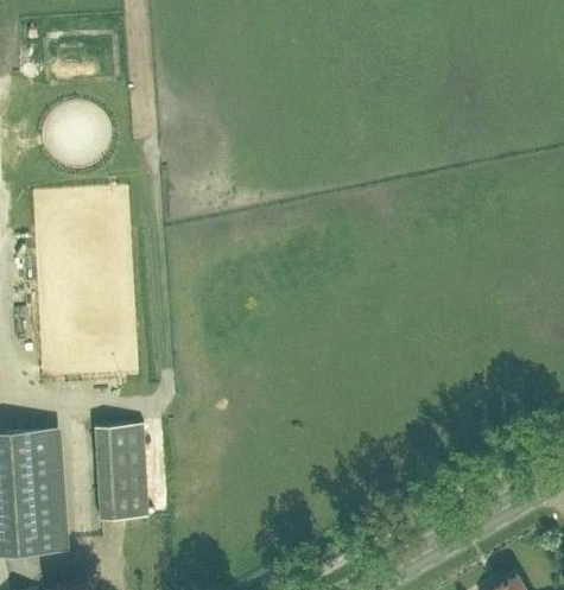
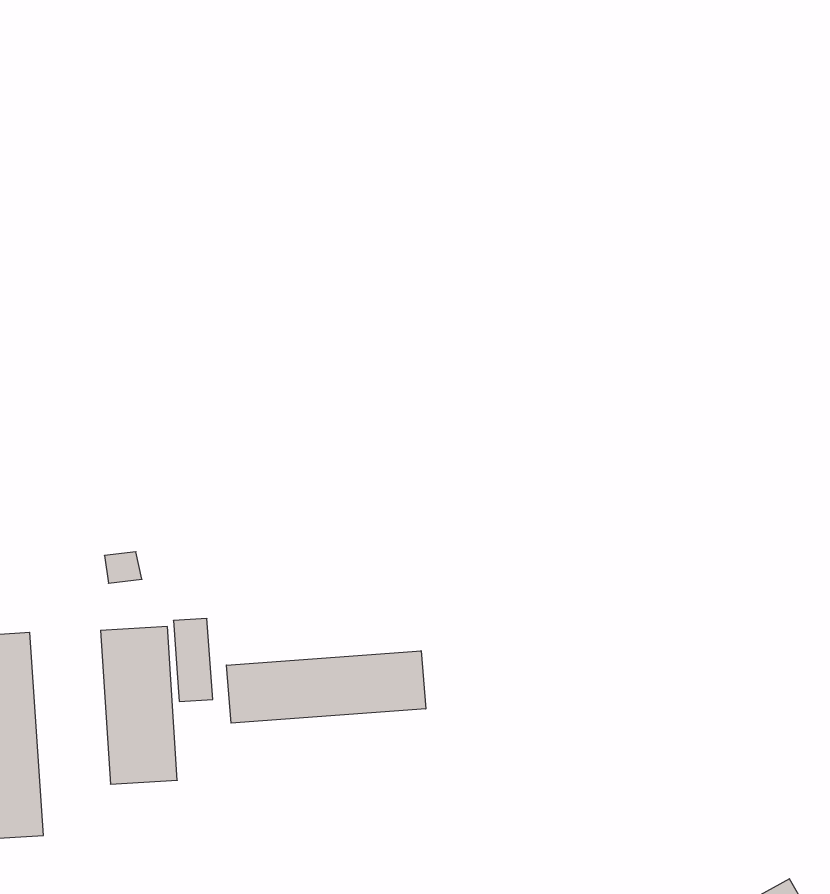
building: none -> [226,651,426,723]

